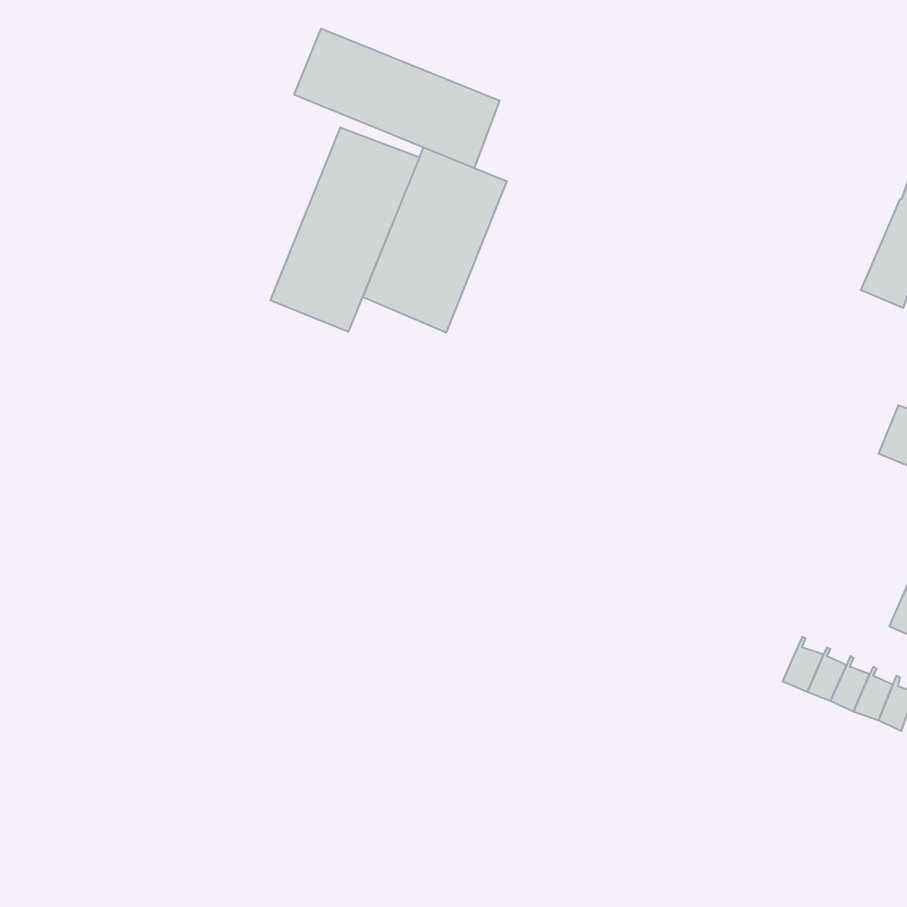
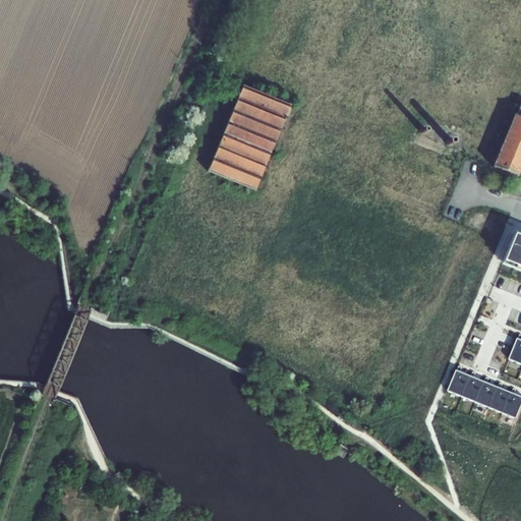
building: [294,28,499,168] -> none
building: [270,127,419,332] -> none

